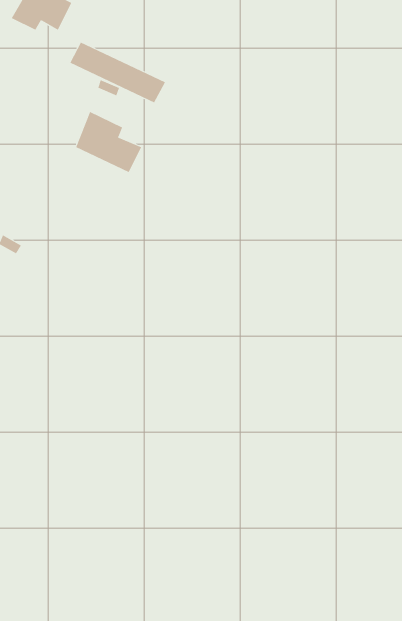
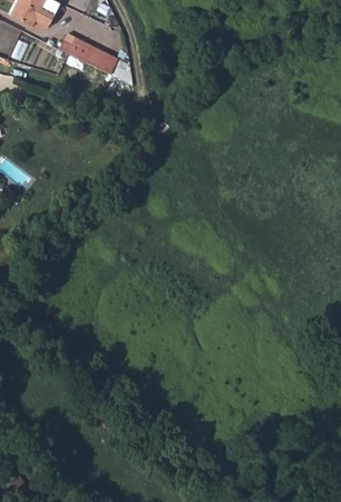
building: [75,111,142,173] -> none

